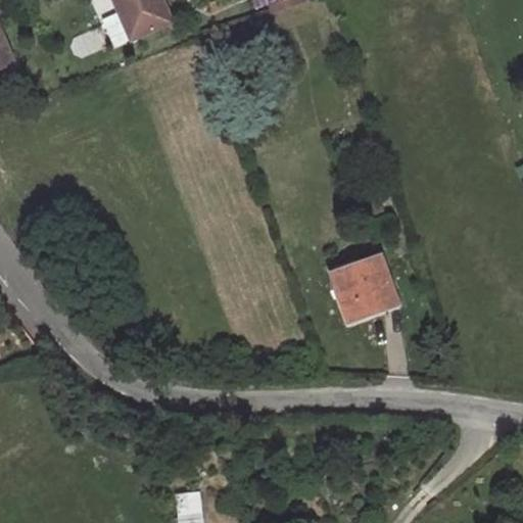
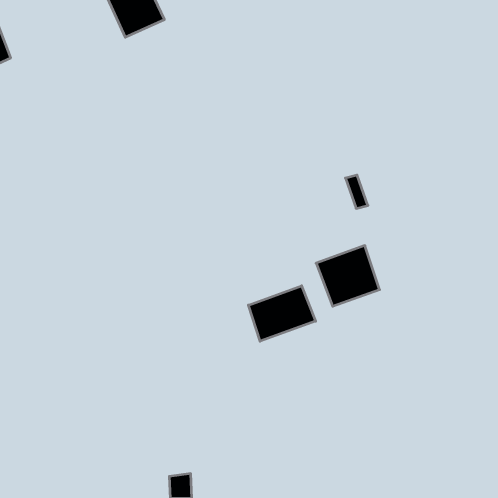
building: none -> [248,286,316,341]

